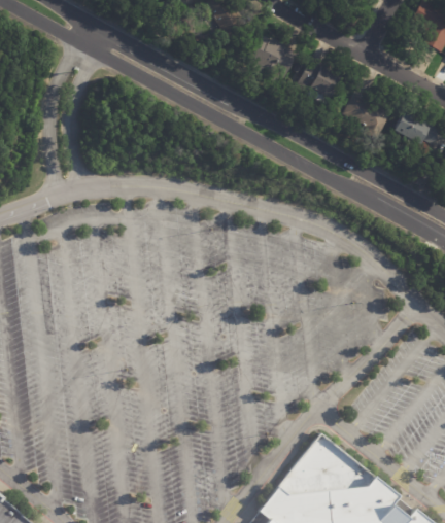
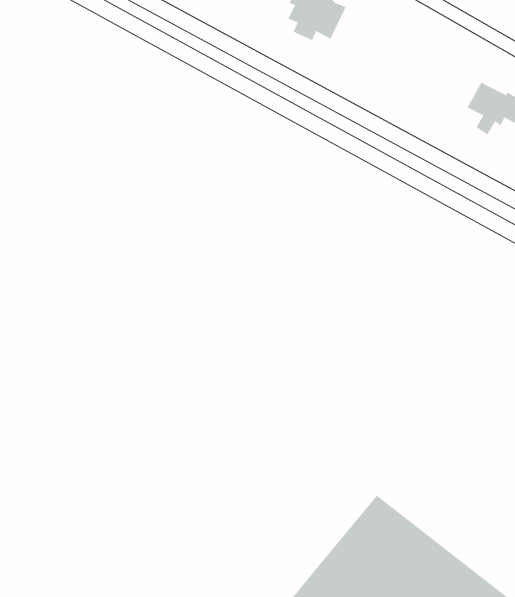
building: [297,64,339,102] -> none
building: [341,97,388,133] -> none

